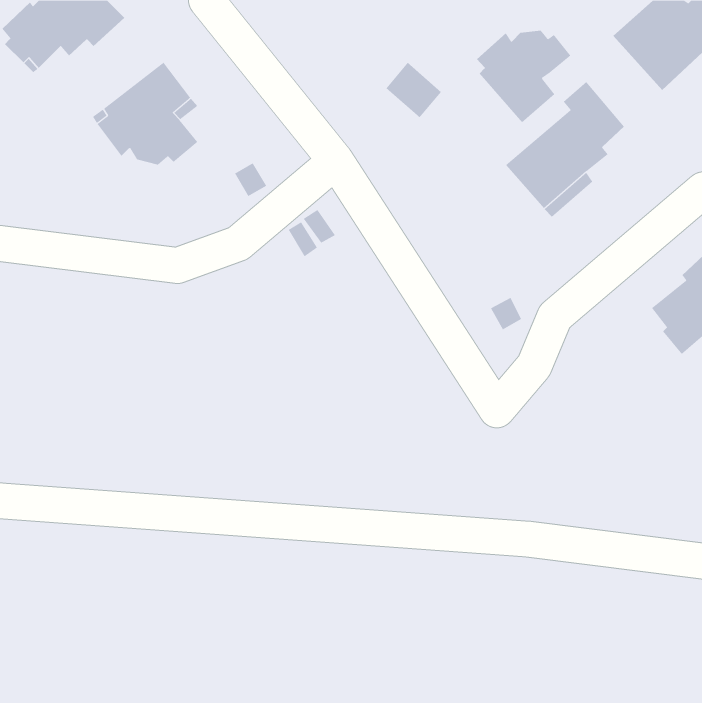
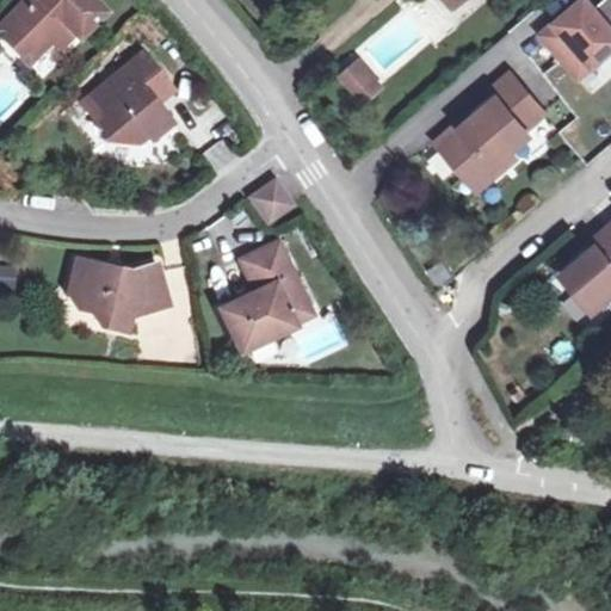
building: [476,30,571,123] -> none
building: none -> [221,243,314,354]
building: none -> [69,260,172,335]

